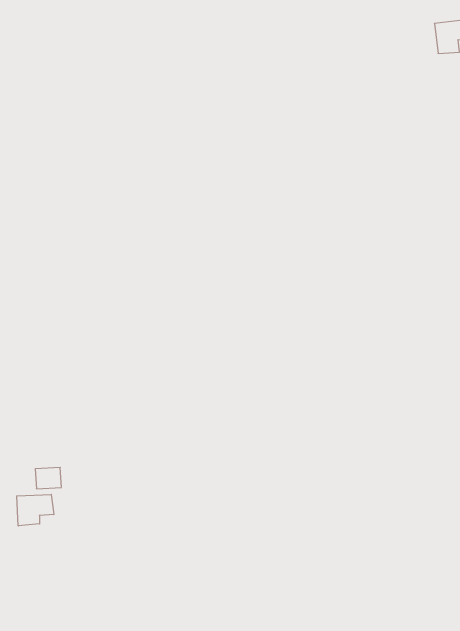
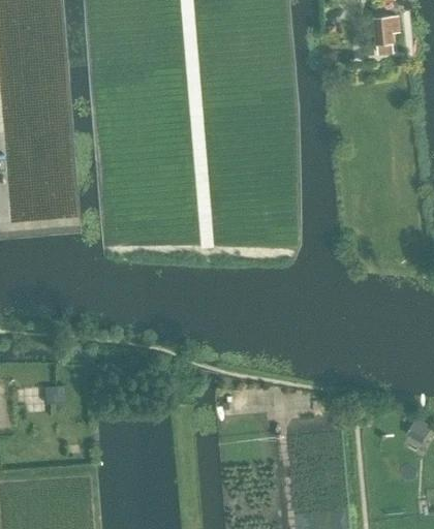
building: [17,494,54,526] -> none

